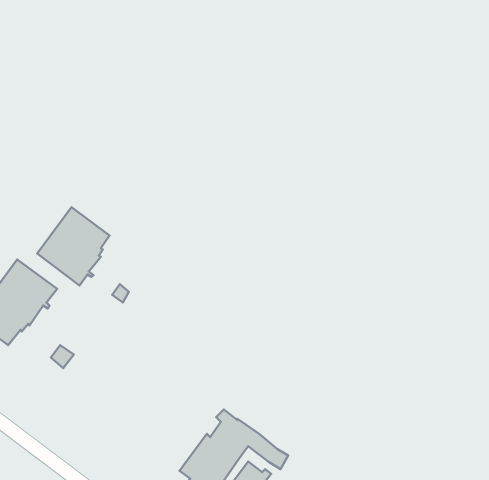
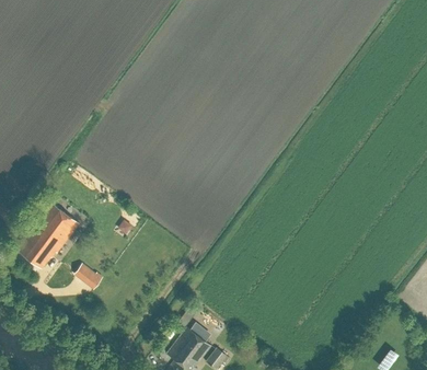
building: [37,207,109,286] -> none

